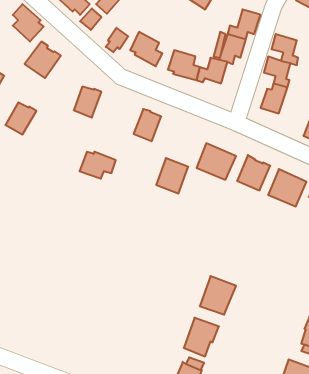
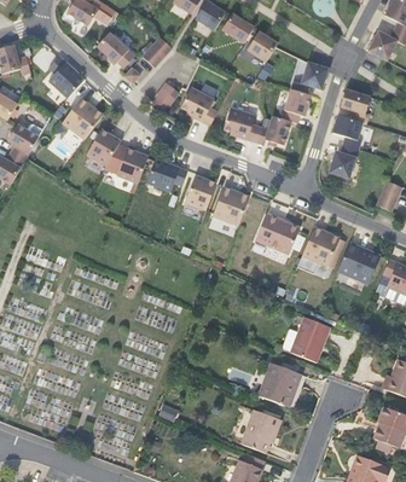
building: [5,102,36,134] -> [87,128,122,164]
building: [79,152,116,179] -> [146,159,187,190]
building: [156,158,188,193] -> [213,185,249,225]
building: none -> [283,315,330,360]

